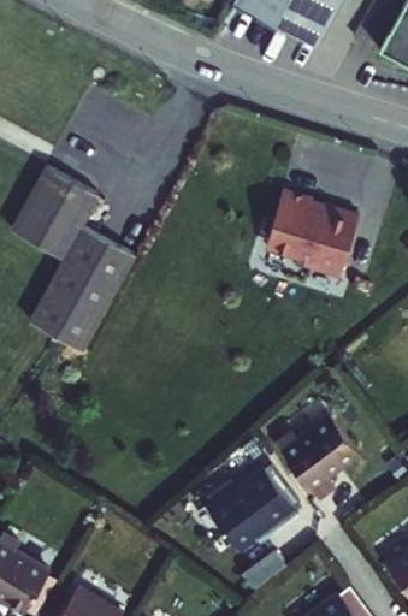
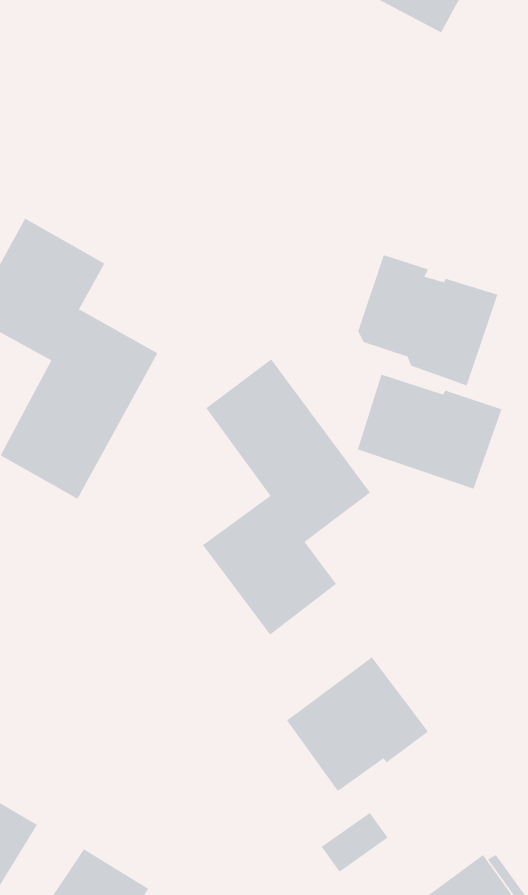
building: none -> [202,359,371,635]
building: none -> [357,374,502,489]
building: [286,407,367,491] -> none

